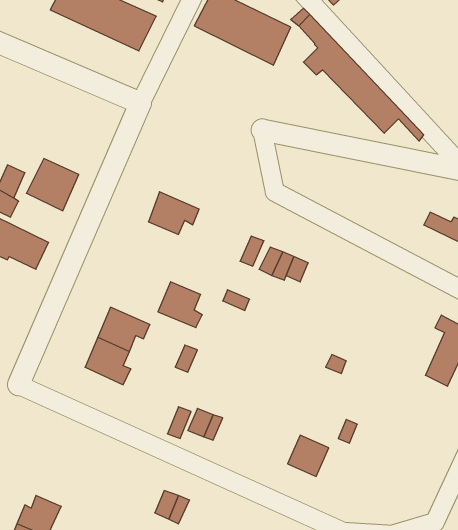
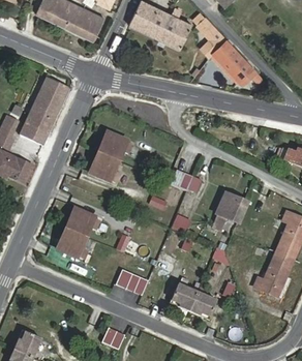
building: none -> [30,77,69,121]
building: [158,282,202,328] -> [90,152,119,182]
building: none -> [214,193,245,222]
building: none -> [255,252,294,298]
building: none -> [170,283,198,310]

